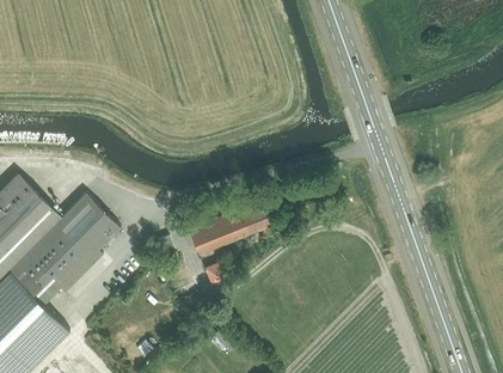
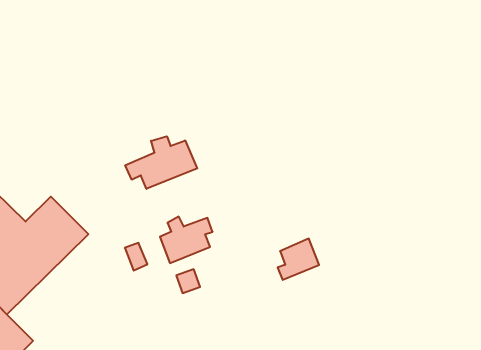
building: none -> [125,136,197,189]
building: [233,203,272,243] -> [278,239,319,280]

